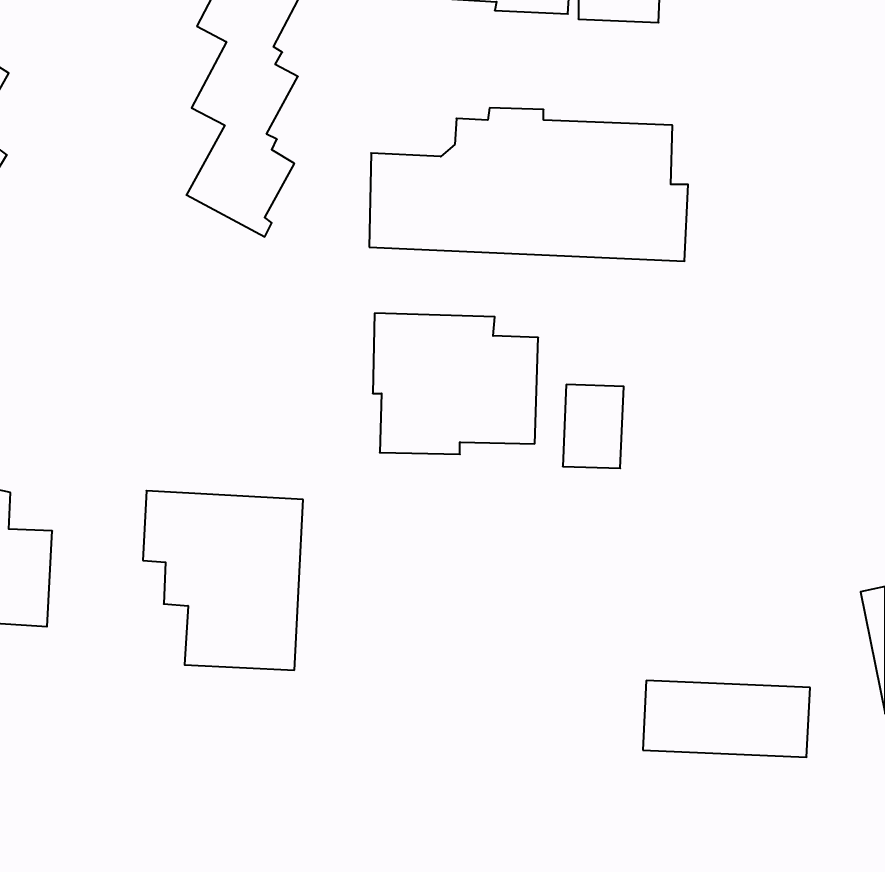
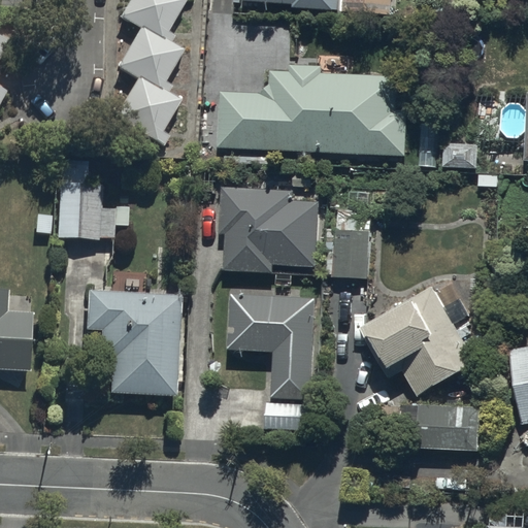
building: none -> [56,167,126,239]
building: none -> [361,286,476,397]
building: none -> [229,295,316,429]

